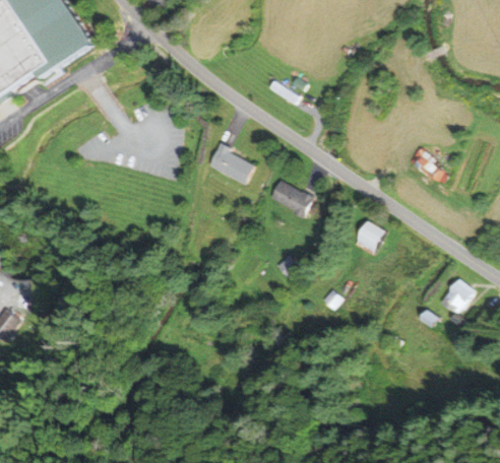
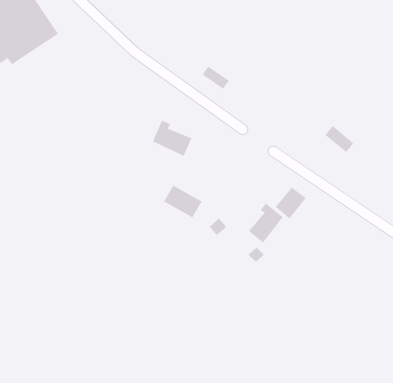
building: [269,179,315,217] -> [163,185,202,218]
building: none -> [248,203,284,243]
building: [437,280,471,315] -> none

